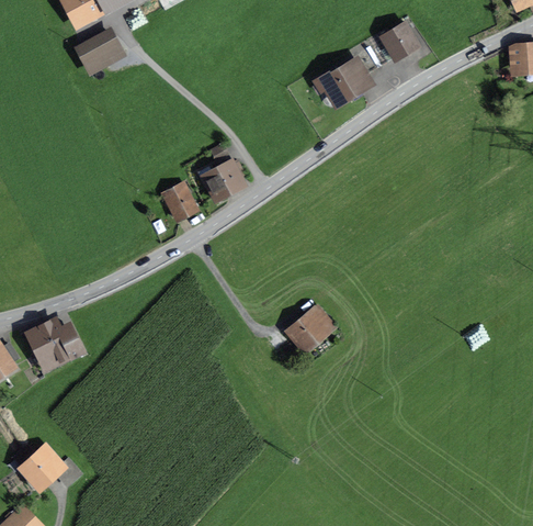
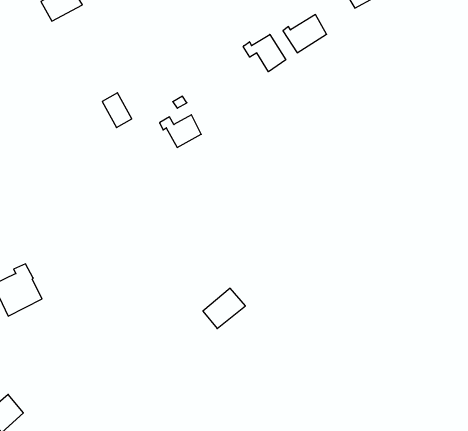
building: none -> [243,34,286,72]
building: [163,183,193,219] -> [102,93,132,128]
building: [288,309,331,349] -> [203,288,245,329]

